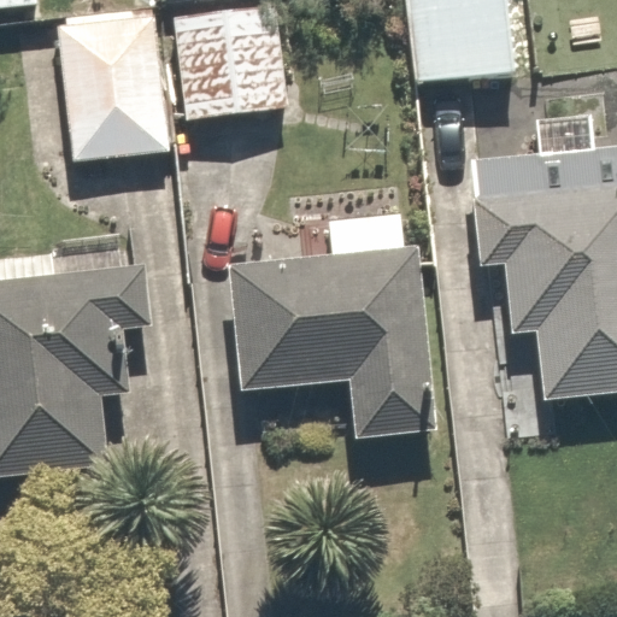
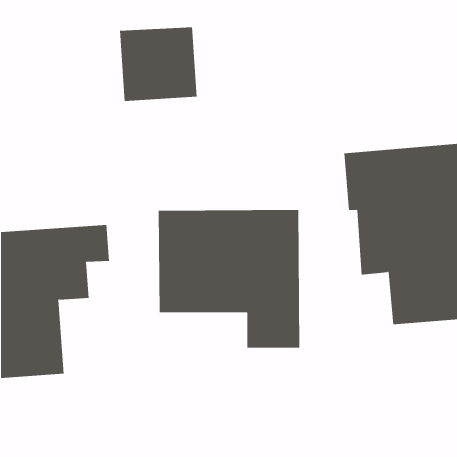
building: [405,10,511,95] -> none
building: [63,36,161,171] -> none

